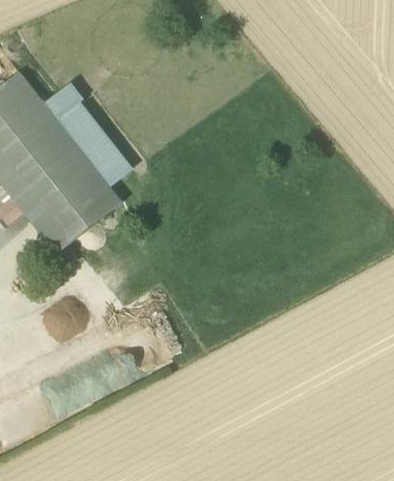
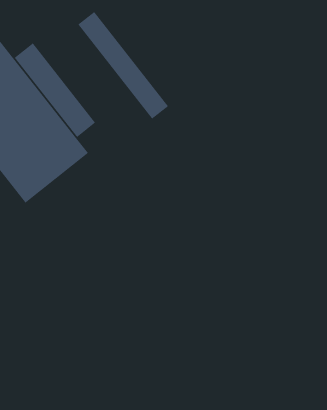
building: none -> [77,11,169,120]

